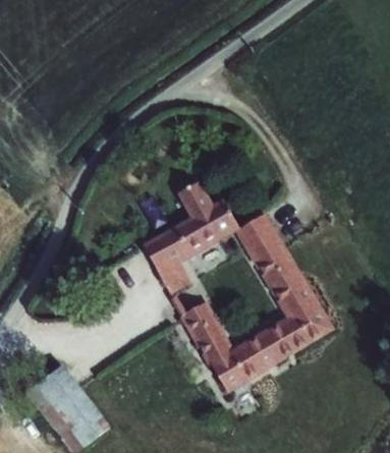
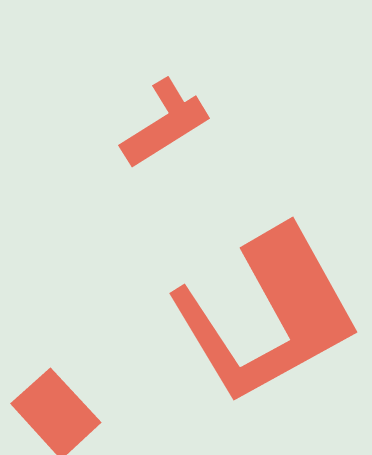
building: [145,183,235,273] -> [117,75,211,168]

